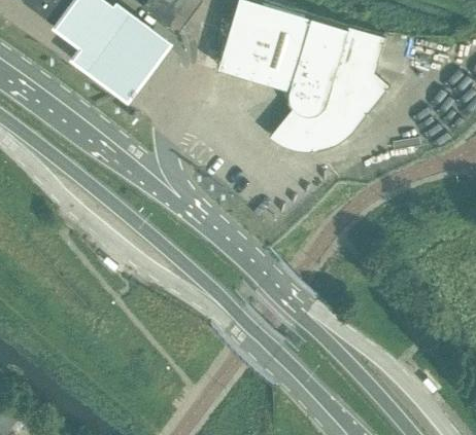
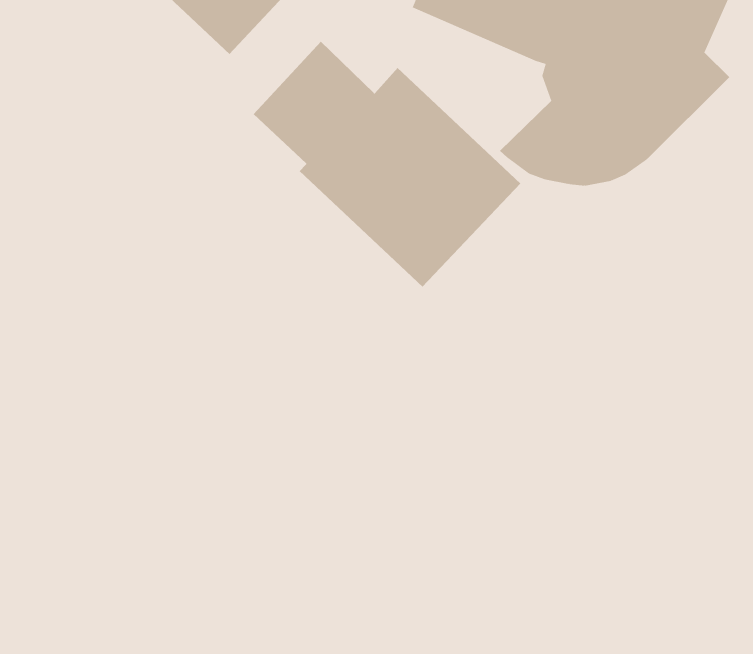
building: none -> [253,41,521,287]

